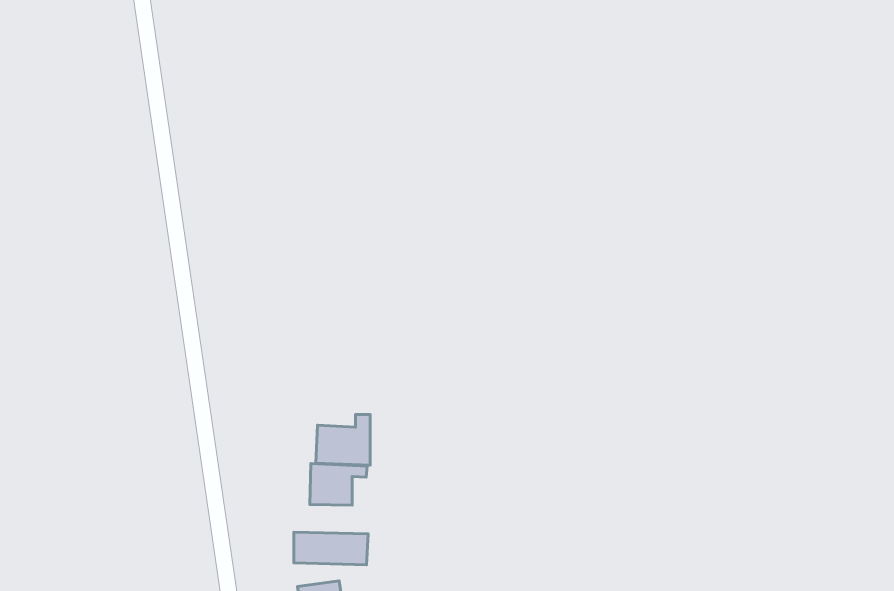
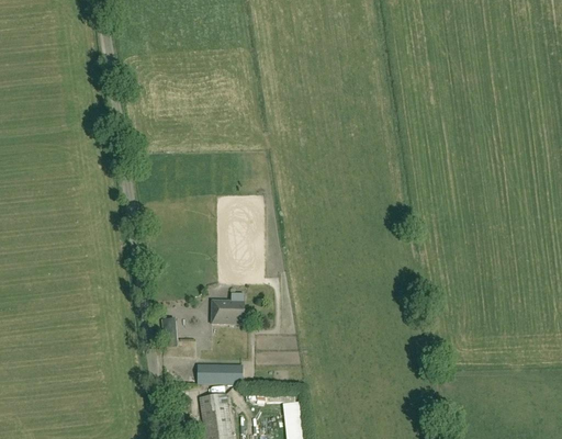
building: [310,464,367,505] -> none

